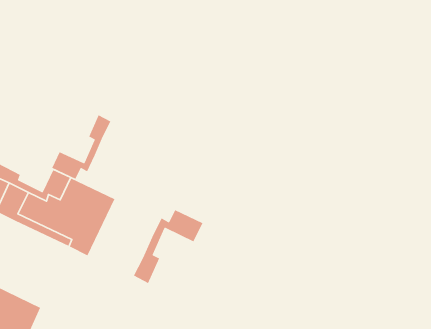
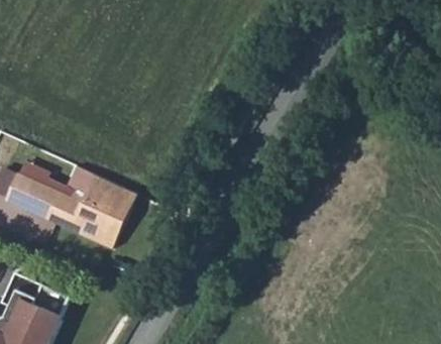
building: [51,114,112,180] -> none
building: [133,209,203,284] -> none

